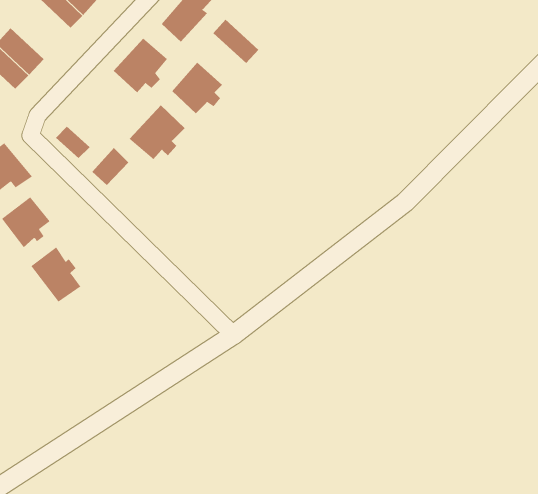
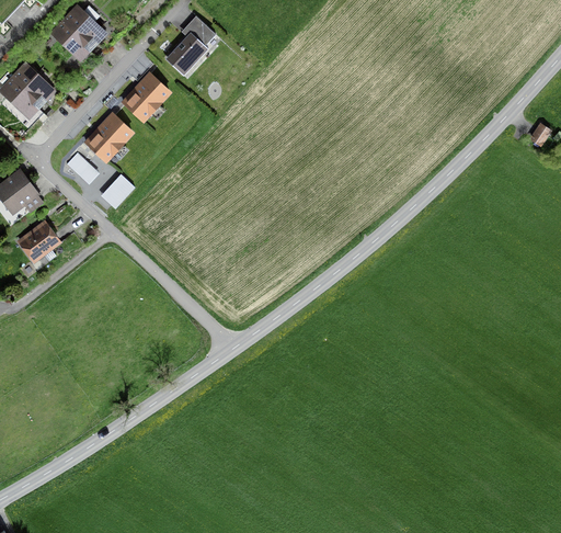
building: [212,19,259,64] -> none
building: [171,62,223,114] -> none
building: [129,105,185,160] -> [82,111,135,162]
building: [31,246,81,302] -> none

